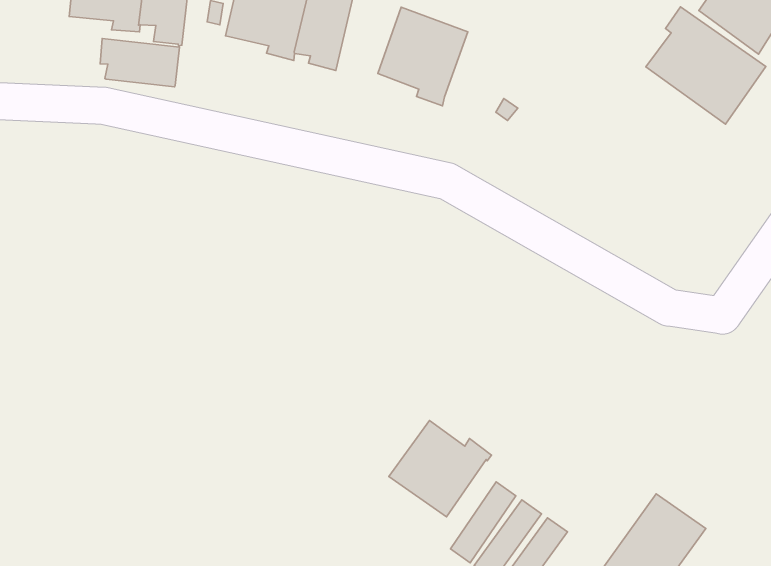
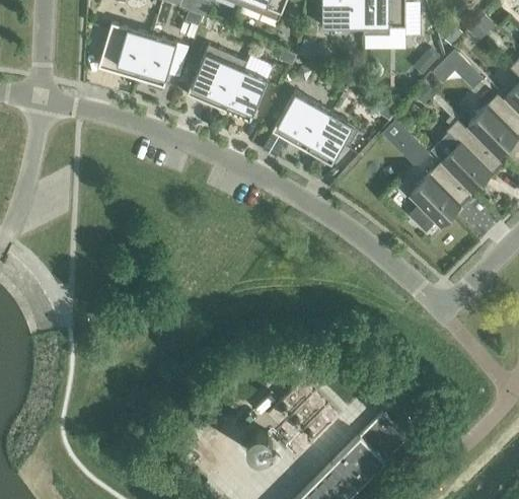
building: none -> [382,122,430,168]
building: none -> [311,114,358,166]
building: [100,38,179,87] -> none
building: none -> [411,165,469,232]
building: [389,421,491,517] -> none

